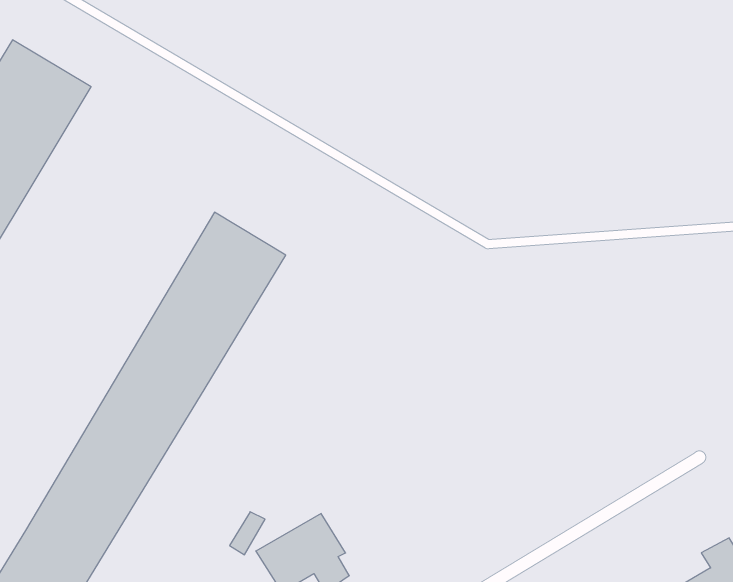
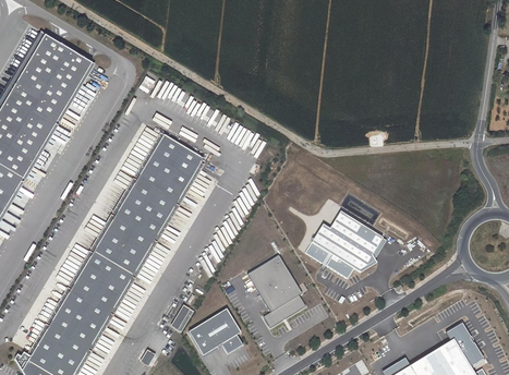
building: none -> [304,211,383,279]
building: none -> [247,255,305,327]

